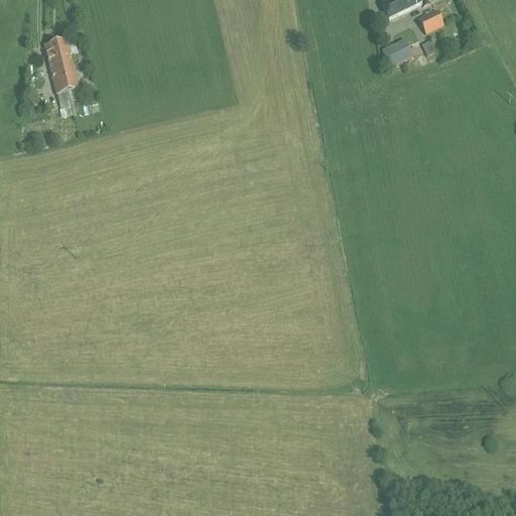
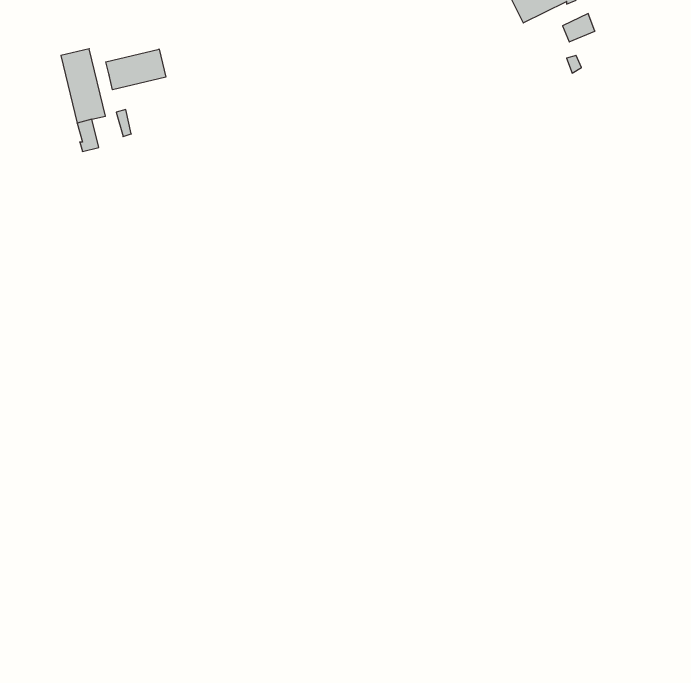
building: none -> [106,49,166,90]
building: [381,37,414,67] -> none

